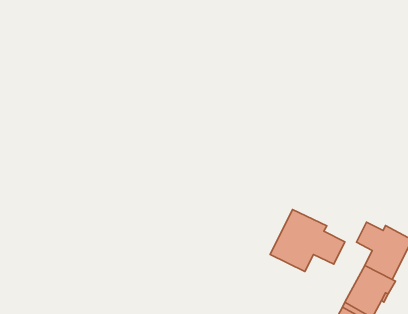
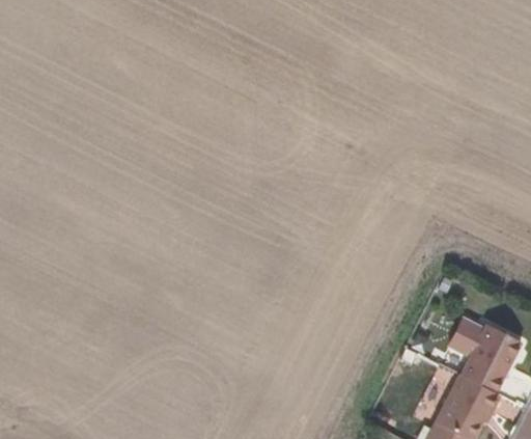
building: [270,209,345,271] -> none

